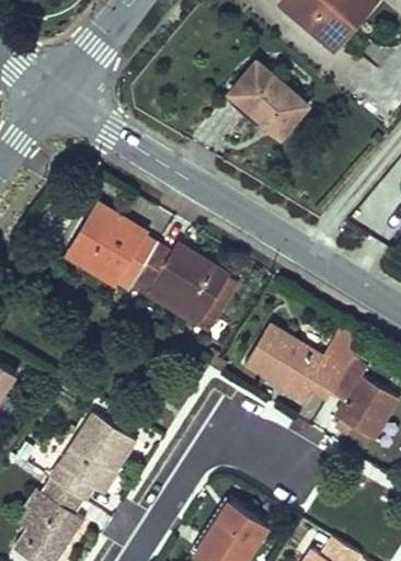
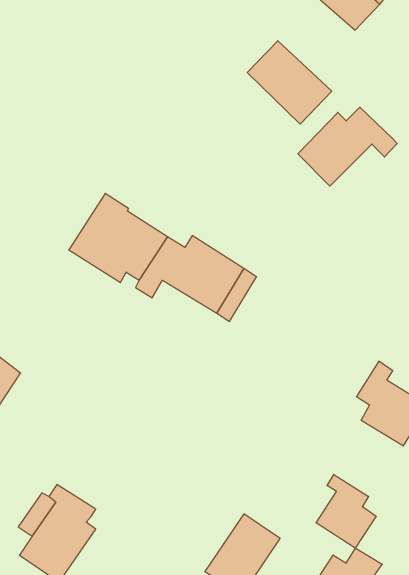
building: none -> [298,107,397,186]
building: [248,327,357,400] -> none
building: [54,407,142,497] -> none
building: none -> [316,474,376,548]

